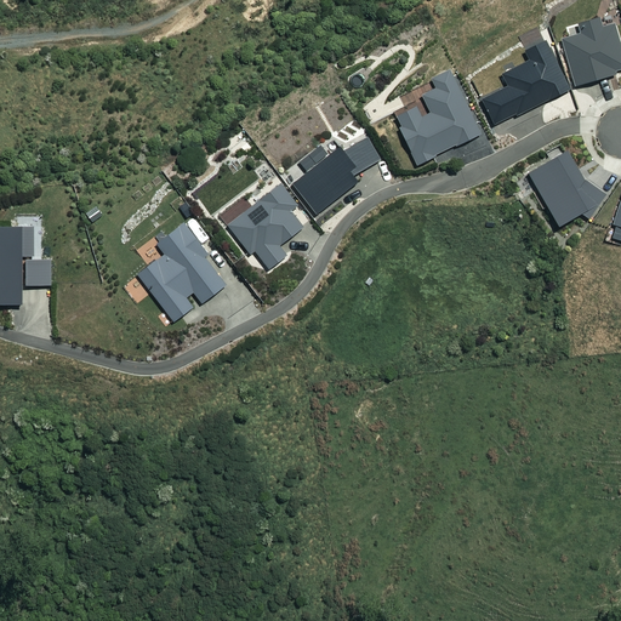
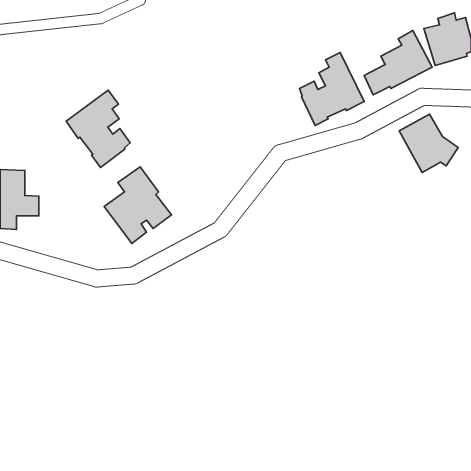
building: none -> [66,90,130,168]
building: [292,135,380,211] -> none
building: [227,182,303,268] -> none

